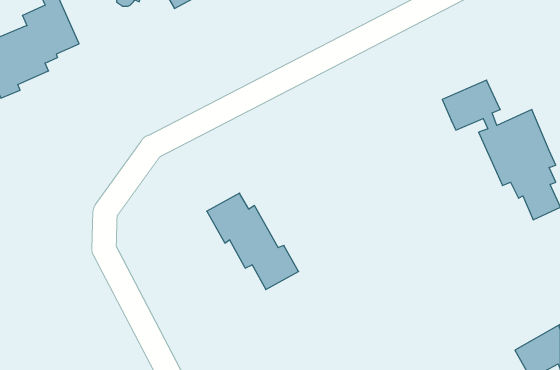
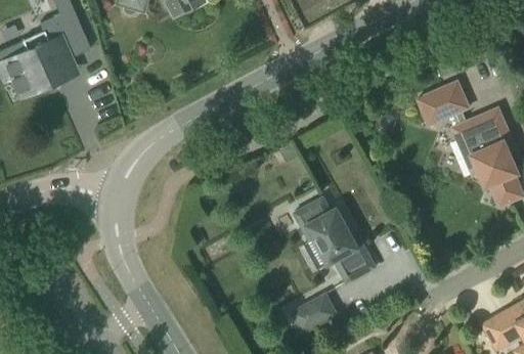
building: [207,193,299,290] -> [293,195,376,282]
building: none -> [291,292,337,333]

